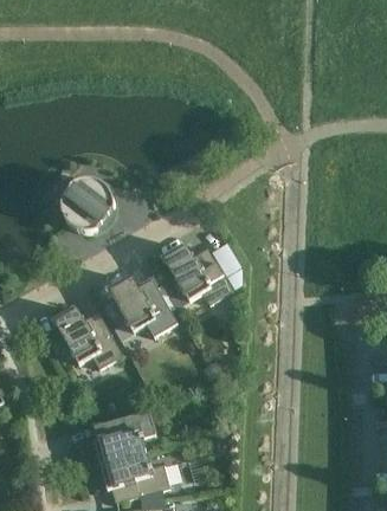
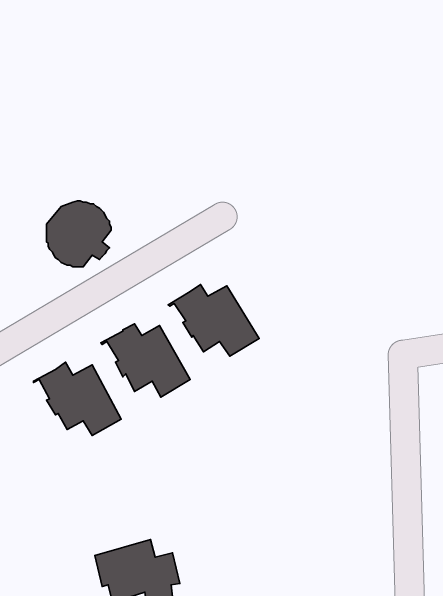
building: [93,410,155,465] -> none

